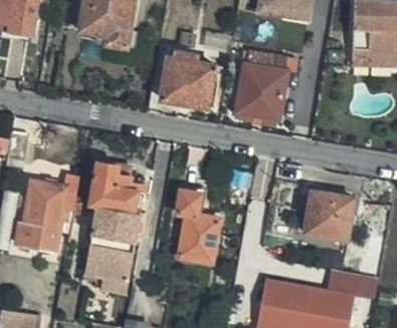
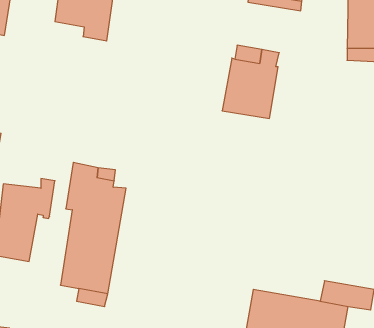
building: [160,50,215,106] -> none
building: [178,189,221,264] -> none
building: [305,190,355,240] -> none

